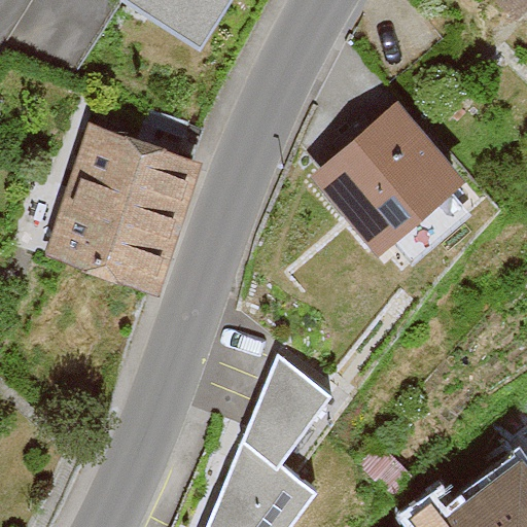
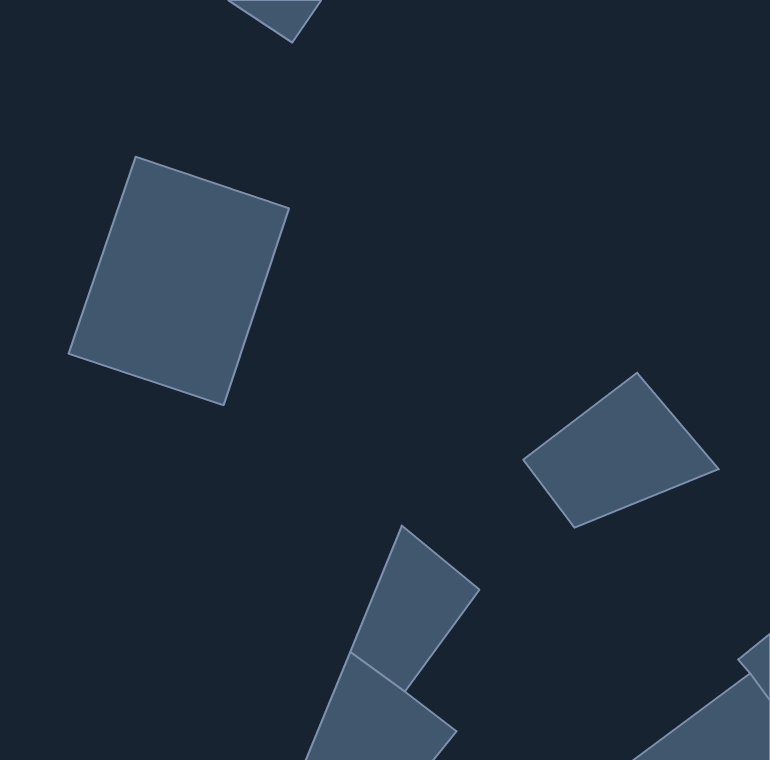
building: [324,103,464,247] -> none
building: none -> [523,373,719,528]

